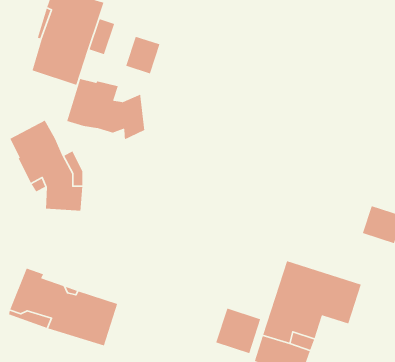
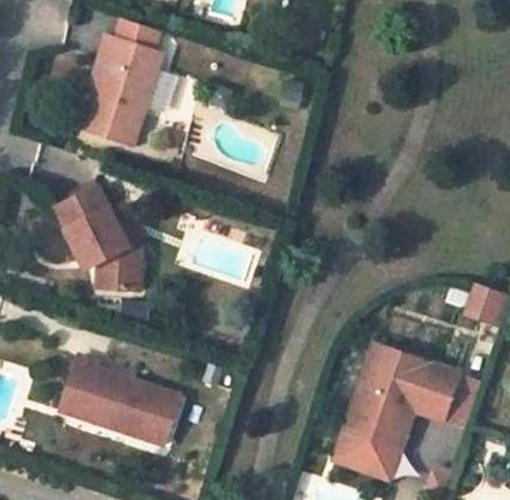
building: [125,36,161,74] -> none
building: [66,78,145,140] -> none
building: [215,307,261,354] -> none

